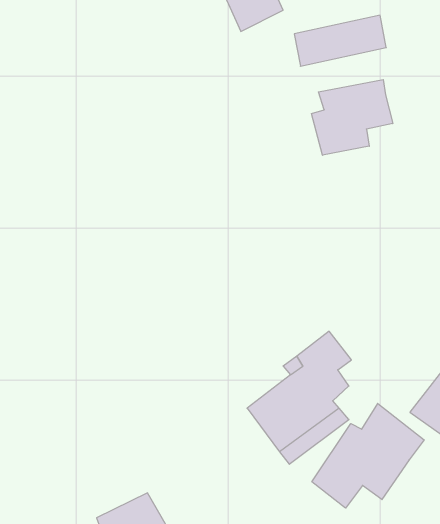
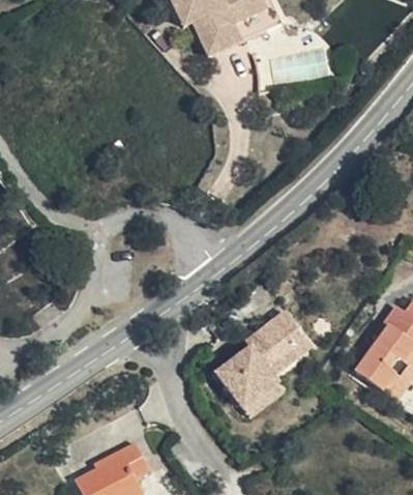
building: [311,80,393,155] -> none
building: [312,403,424,508] -> none

